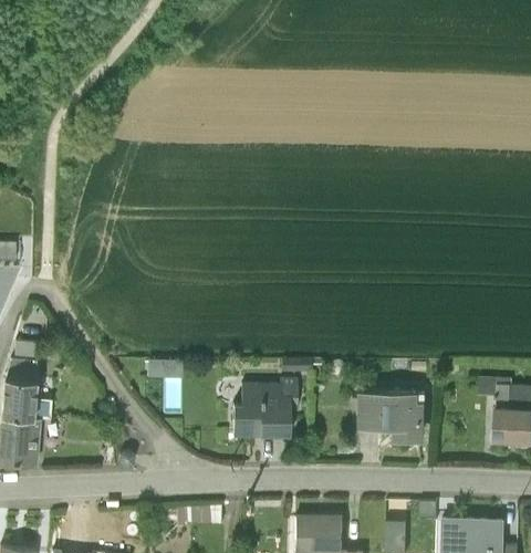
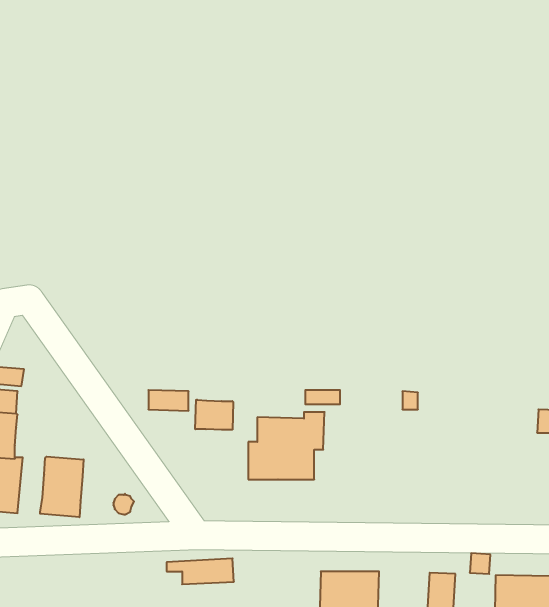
building: none -> [195,400,233,430]
building: [360,394,425,444] -> none
building: none -> [40,457,84,517]

